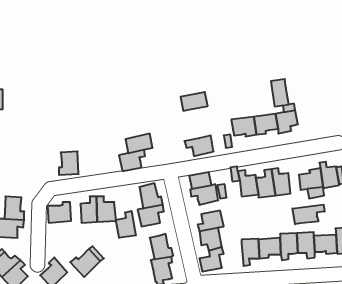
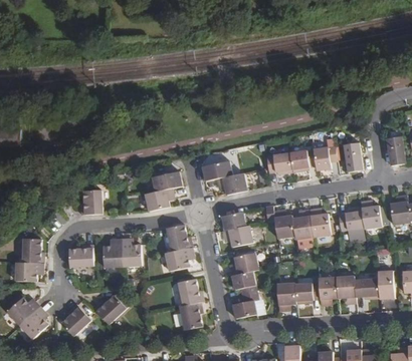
building: [271,79,289,106] -> [343,142,362,171]
building: [181,92,208,111] -> [202,160,231,180]
building: [293,205,325,224] -> none
building: [116,211,136,238] -> none

